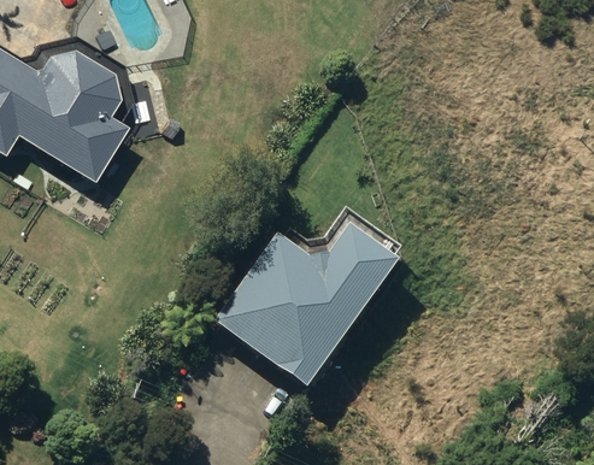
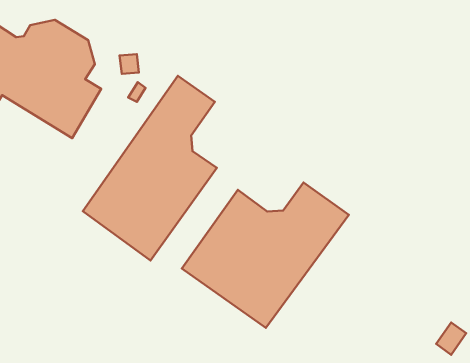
building: none -> [83,76,217,260]

